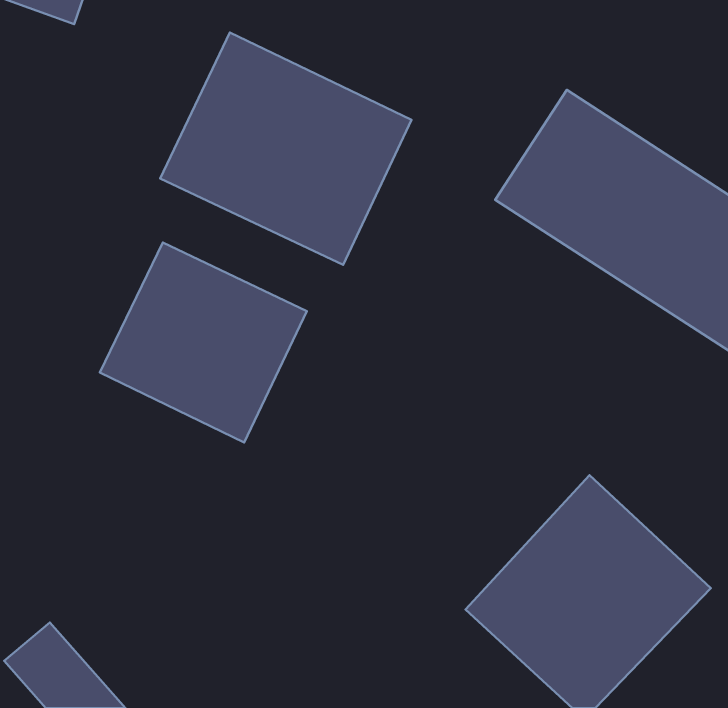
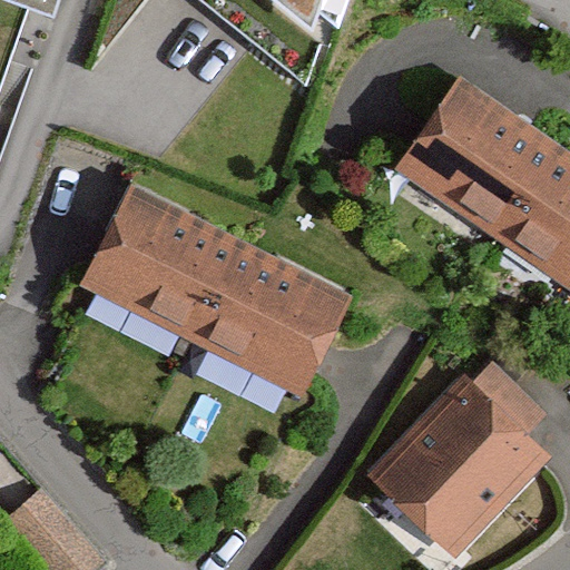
building: [160,32,412,265] -> none
building: none -> [191,242,350,399]

